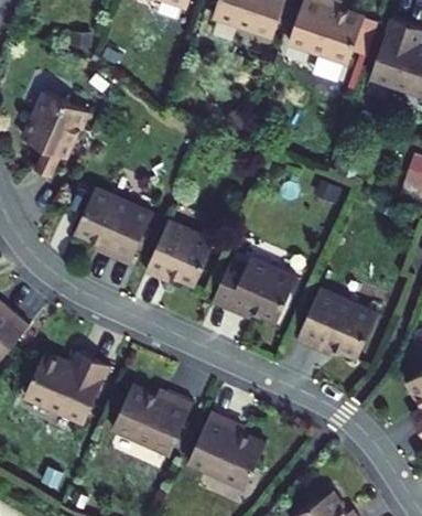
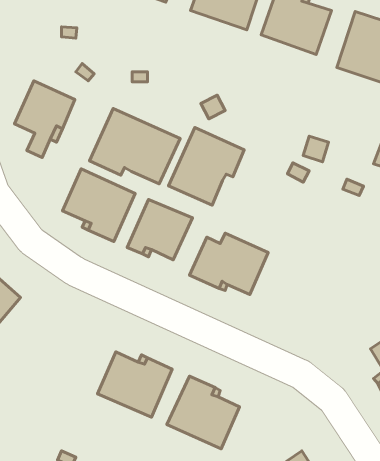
building: none -> [89,109,180,184]
building: none -> [169,127,244,205]
building: [296,288,377,358] -> none
building: [24,352,110,424] -> none

